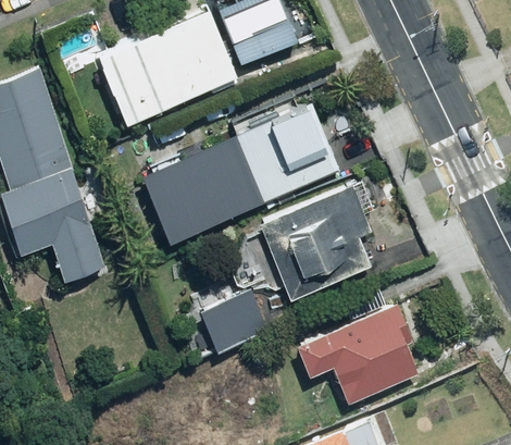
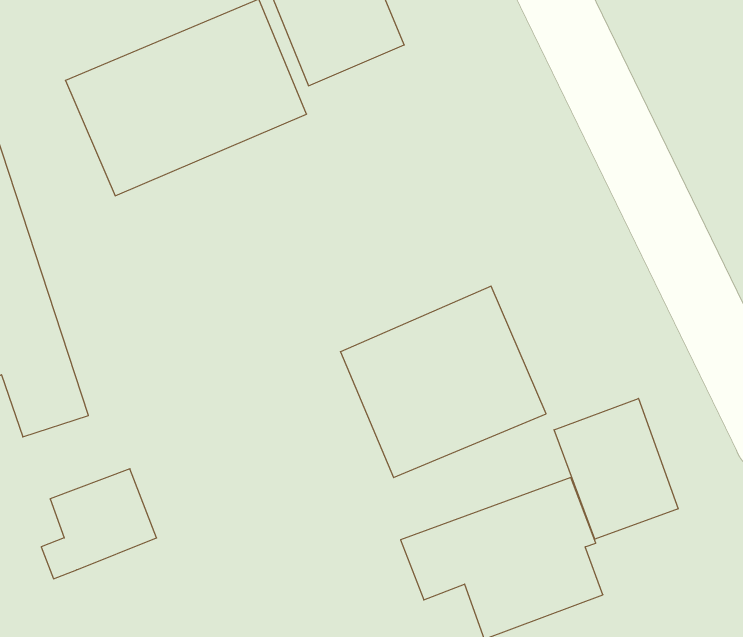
building: [144,103,339,242] -> none
building: none -> [554,398,678,539]
building: [197,291,267,358] -> [41,469,157,579]

